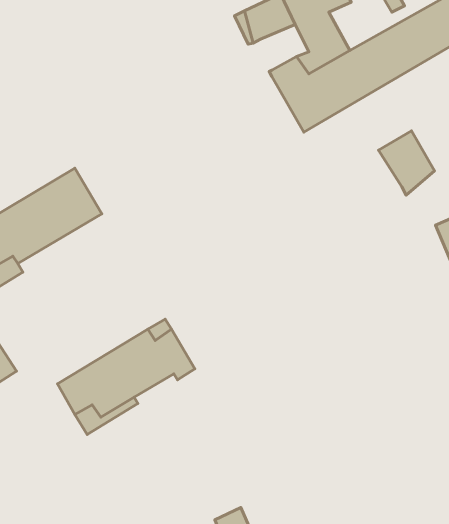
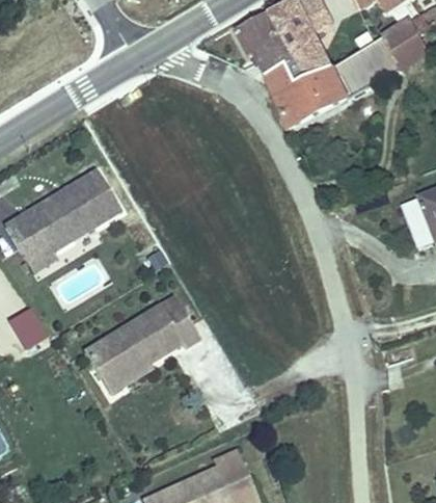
building: none -> [254,45,295,83]
building: [378,131,434,195] -> none

